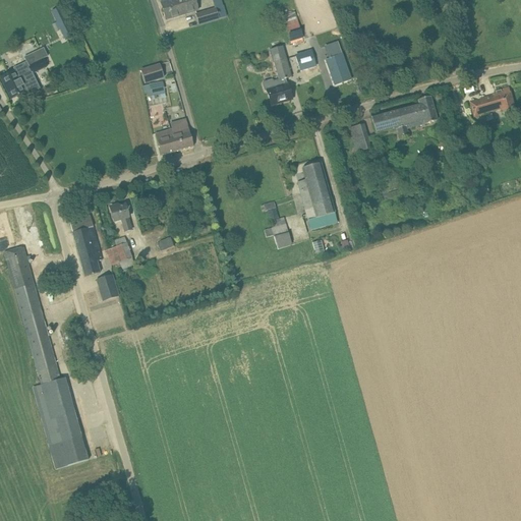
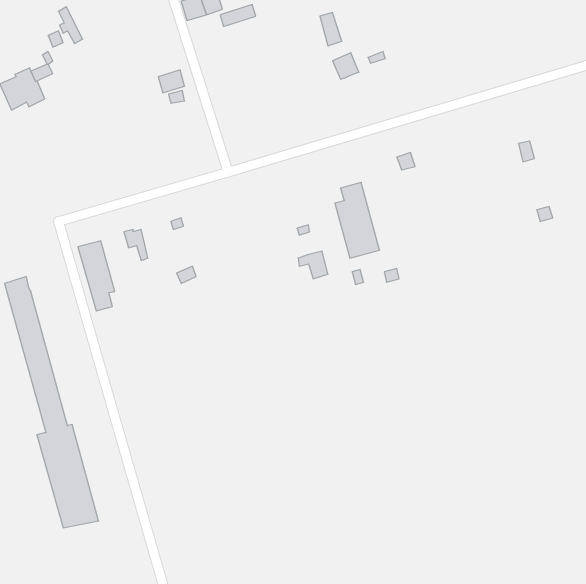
building: [263,44,292,104] -> none
building: [327,54,350,83] -> none
building: [471,86,515,115] -> none
building: [370,95,437,136] -> none
building: [155,124,193,154] -> none
building: [106,236,134,267] -> none
building: [97,274,119,300] -> none

